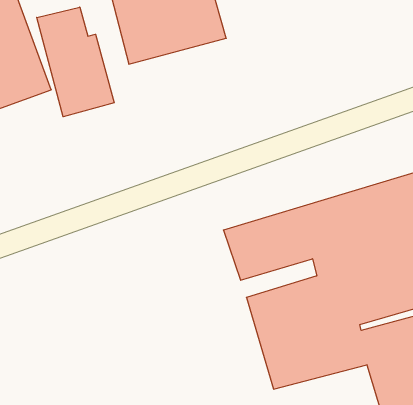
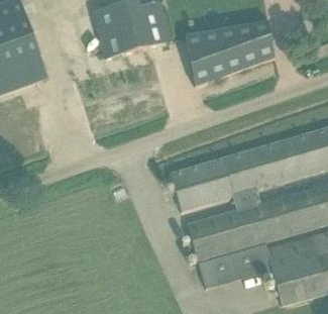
building: [37,7,114,117] -> none
building: none -> [186,22,274,86]

